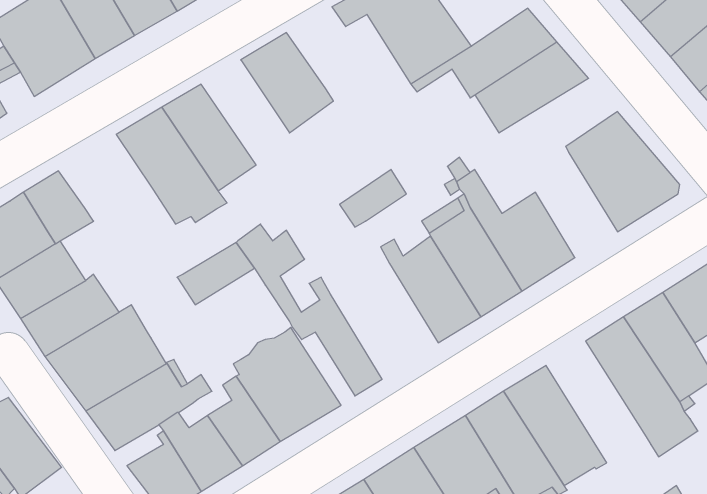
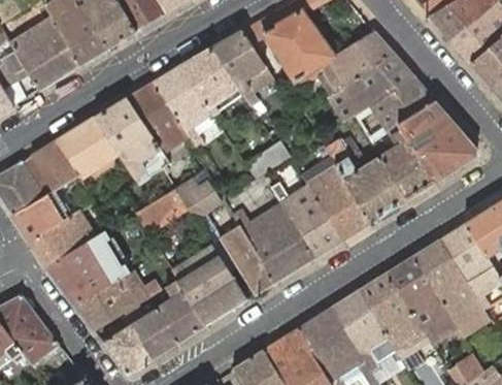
building: none -> [210,29,273,105]
building: none -> [153,65,212,148]
building: none -> [371,77,435,132]
building: none -> [56,116,120,178]
building: none -> [379,128,435,199]
building: none -> [235,203,313,282]
building: none -> [387,256,458,343]

